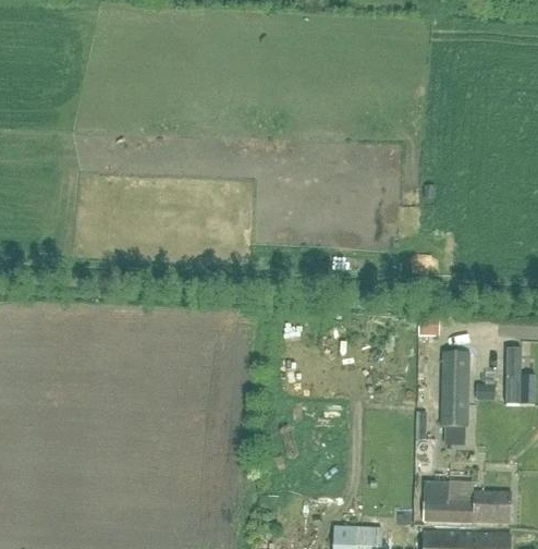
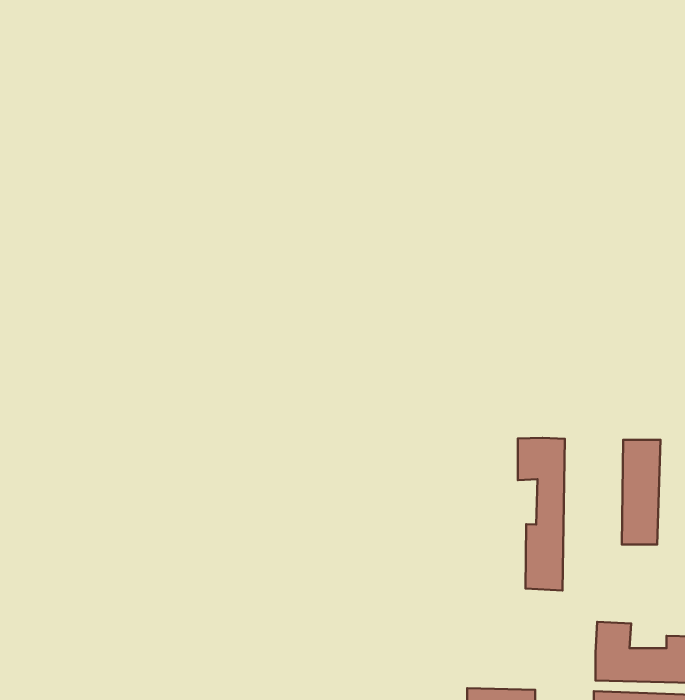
building: none -> [518,438,565,590]

